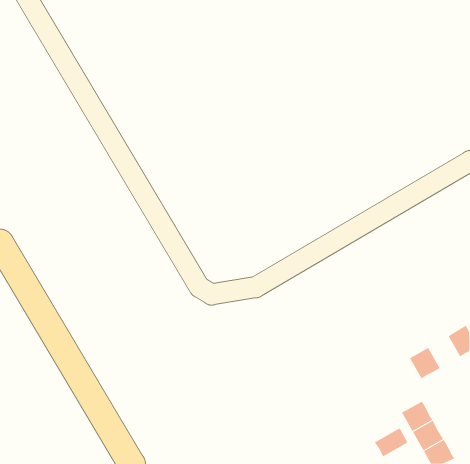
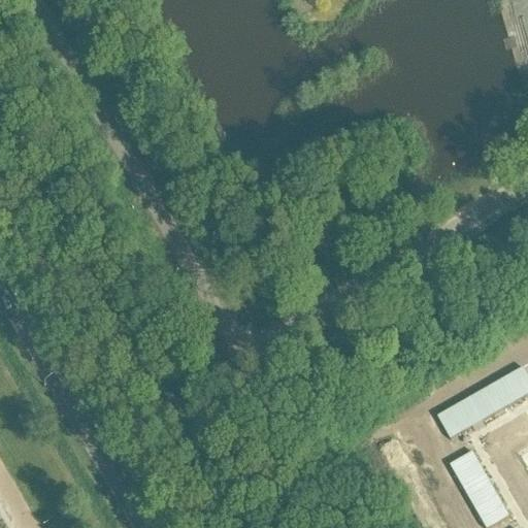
building: none -> [481,376,516,412]
building: none -> [437,401,472,437]
building: [374,428,408,457] -> none

